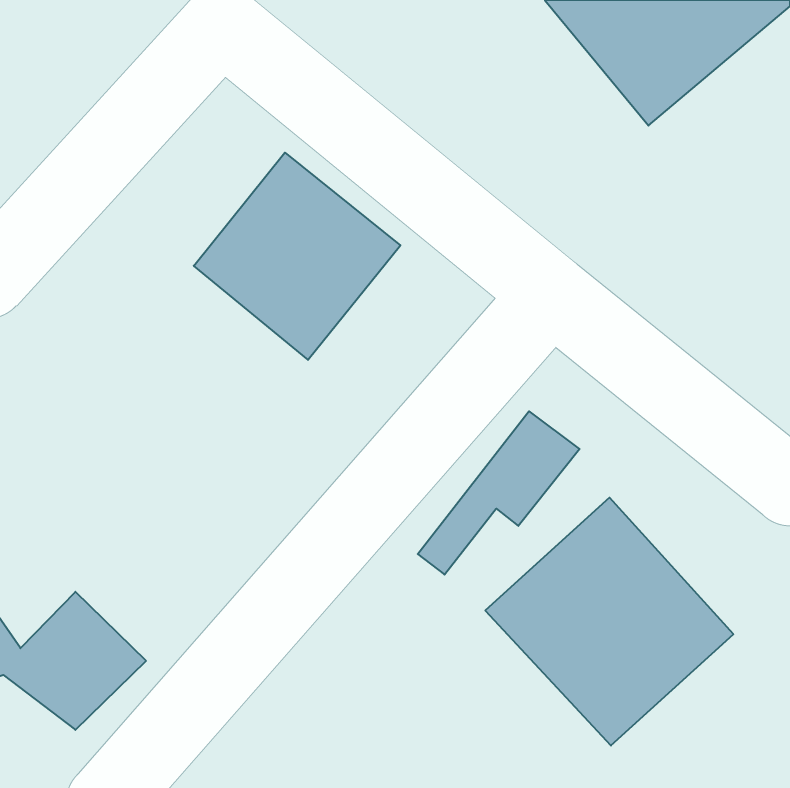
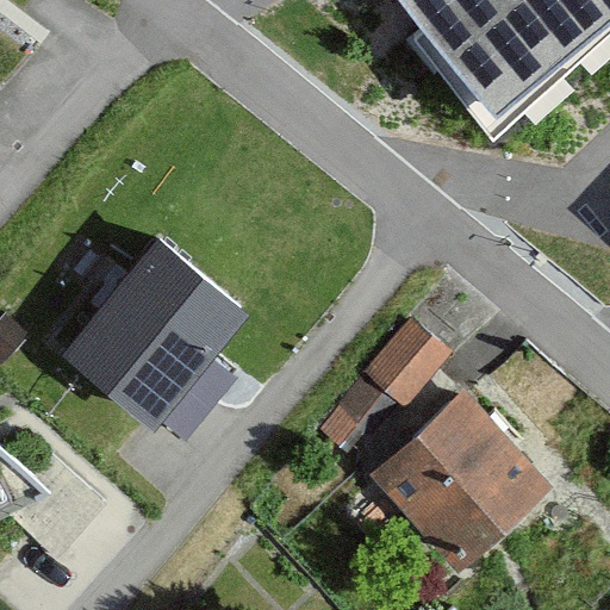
building: [194,153,400,360] -> none
building: none -> [69,239,247,423]

